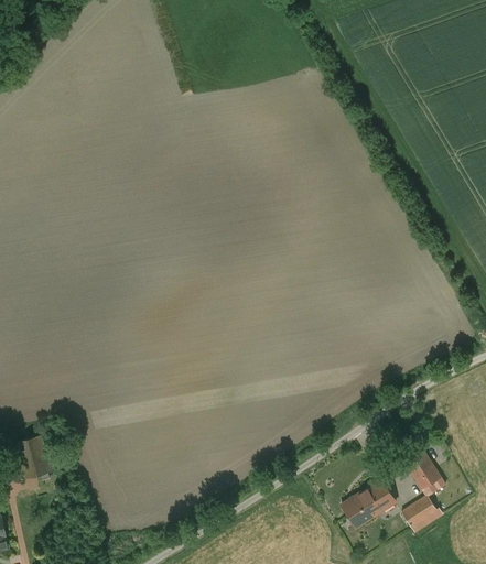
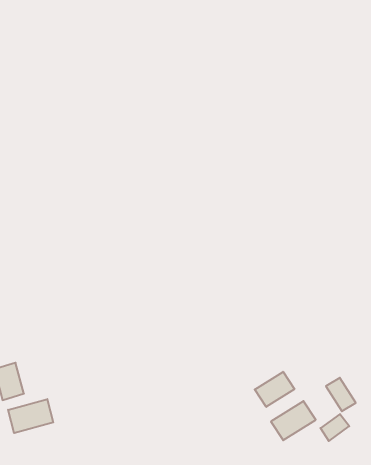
building: none -> [255,372,294,407]
building: none -> [8,399,53,433]

